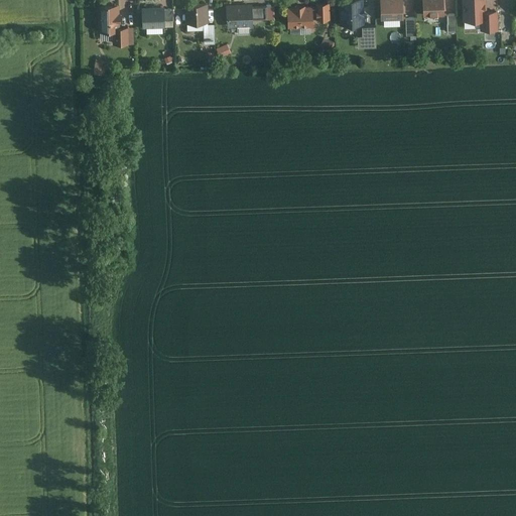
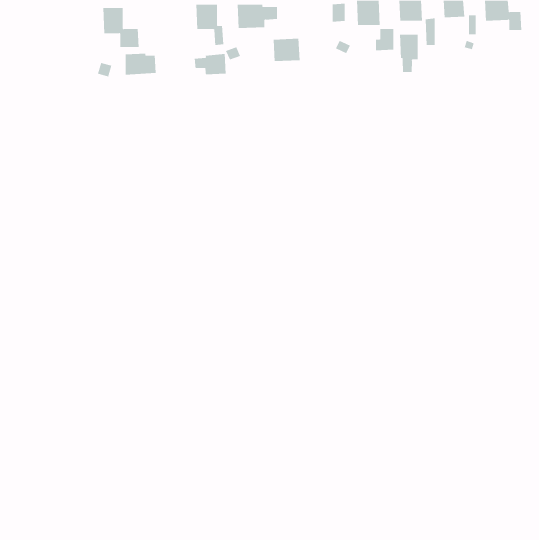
building: [288,6,314,28] -> [273,38,300,62]
building: [143,7,173,28] -> [125,53,157,75]
building: none -> [400,34,418,73]
building: none -> [194,53,226,75]

